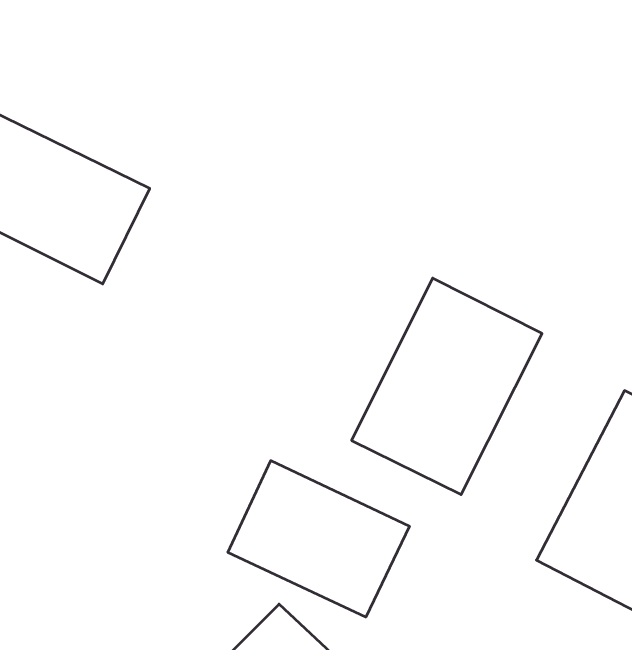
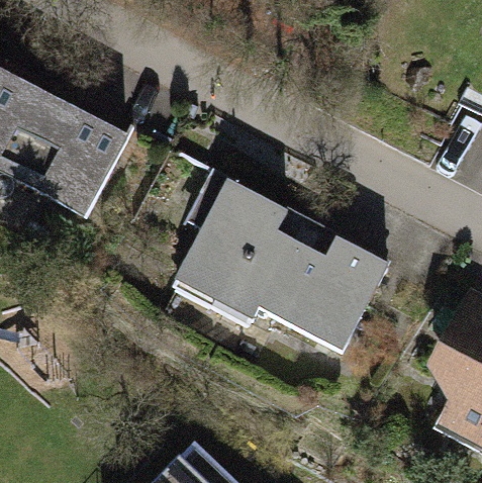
building: none -> [186,175,316,325]
building: [228,461,409,617] -> none

